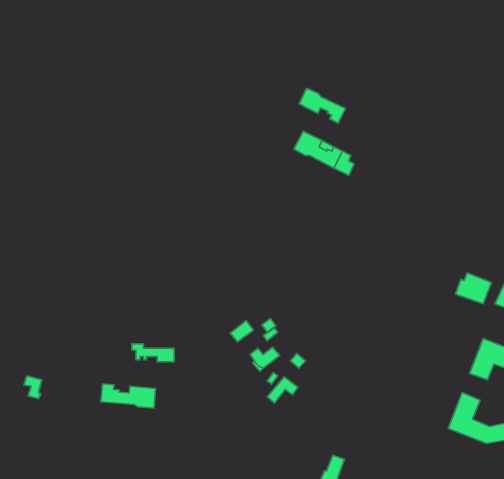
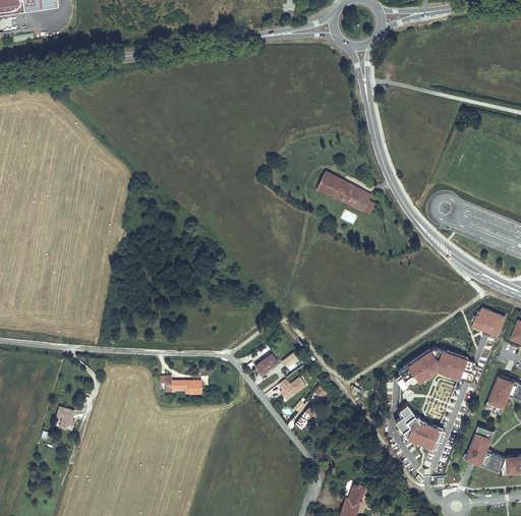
building: [299,88,345,123] -> none
building: none -> [398,347,477,386]
building: none -> [394,405,445,450]
building: [101,384,156,408] -> none

